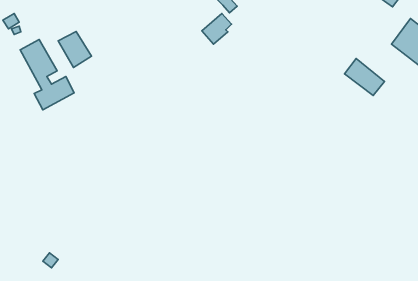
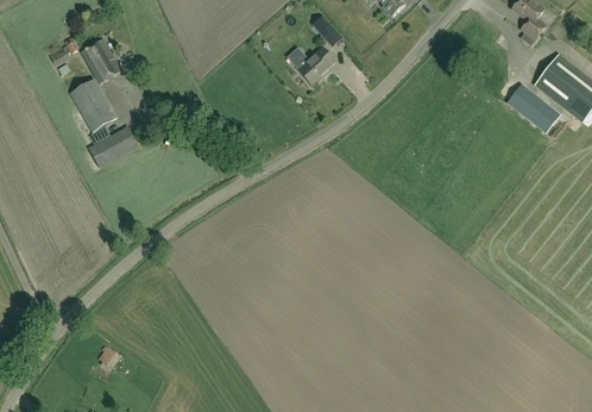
building: [58,31,91,68] -> [80,38,121,83]
building: [345,59,385,96] -> [509,85,559,131]

